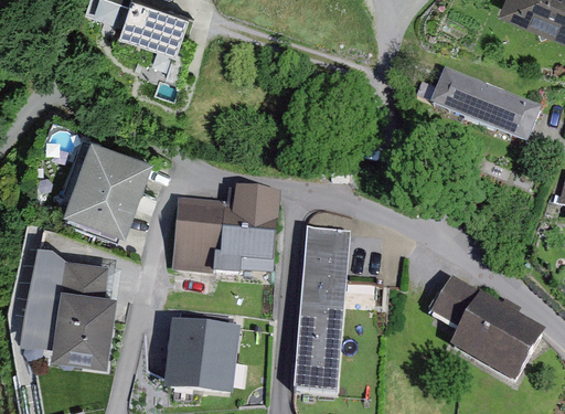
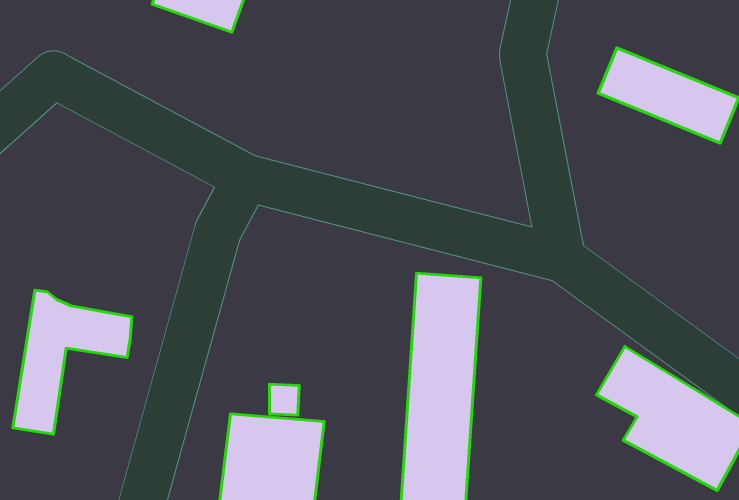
building: [66,136,151,231] -> none
building: [172,188,274,273] -> none
building: [47,280,115,361] -> none

